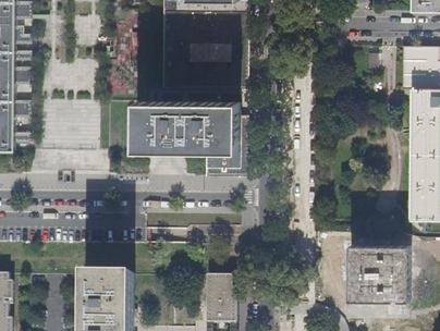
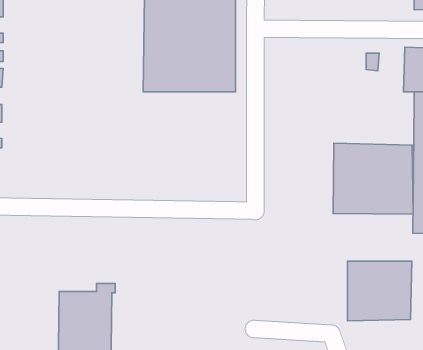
building: [132,101,244,175] -> none
building: none -> [333,143,413,214]
building: [207,275,234,322] -> none

